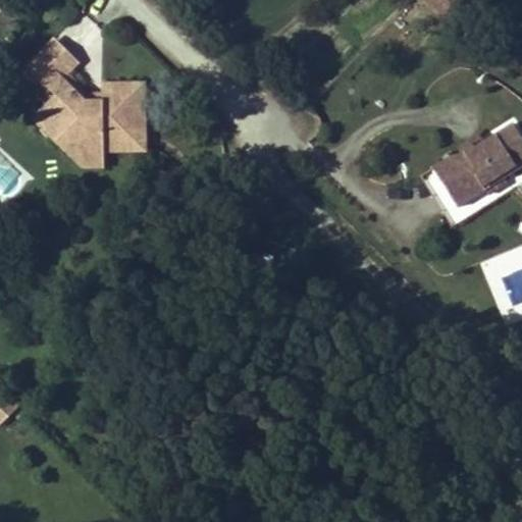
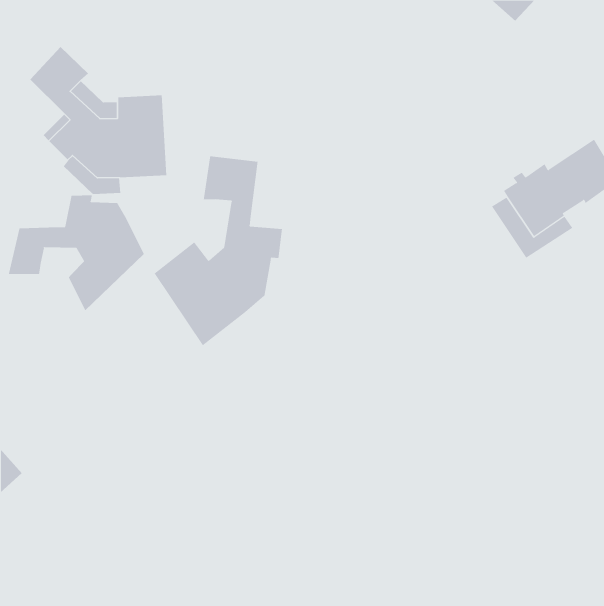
building: none -> [154,155,283,346]
building: none -> [8,194,145,311]

